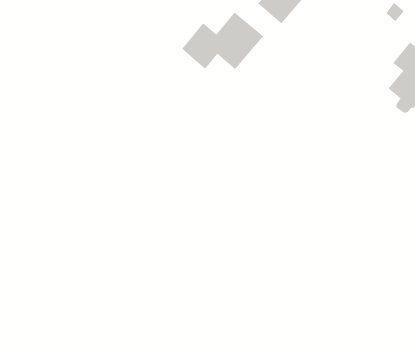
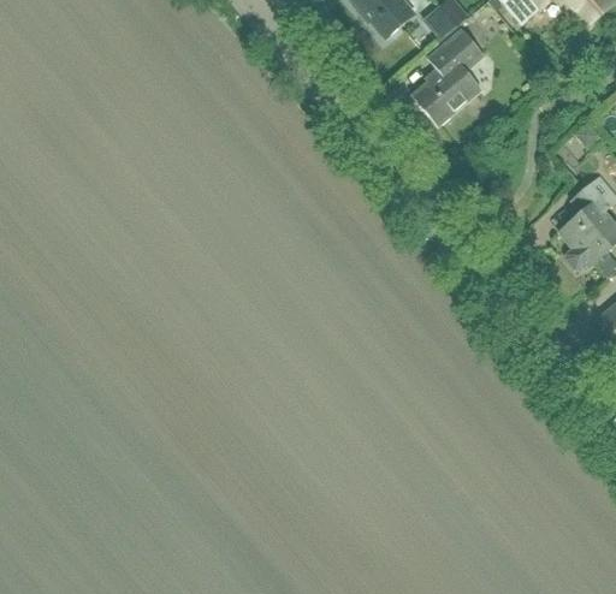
building: [181,12,264,70] -> none

